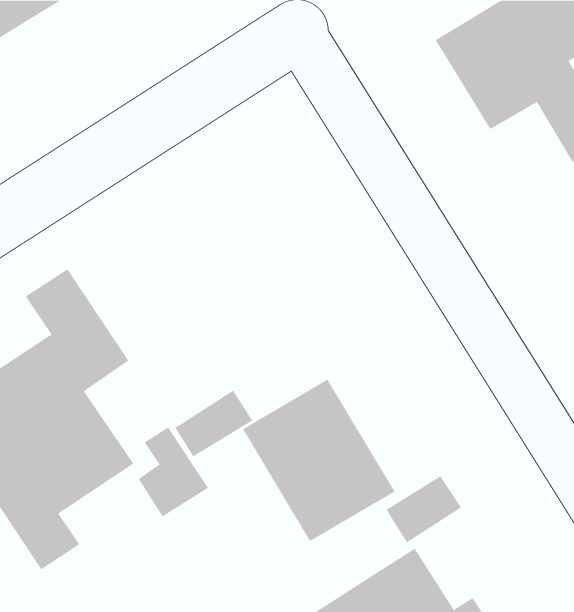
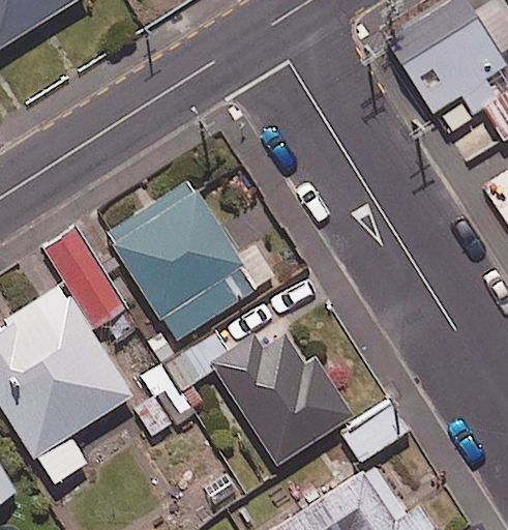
building: none -> [106,182,274,342]

